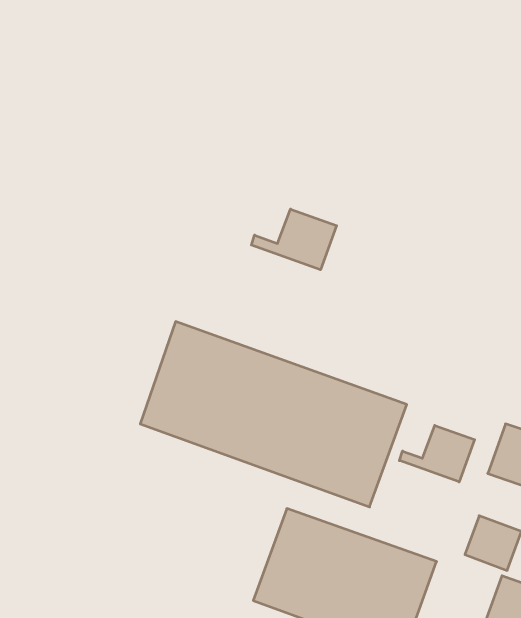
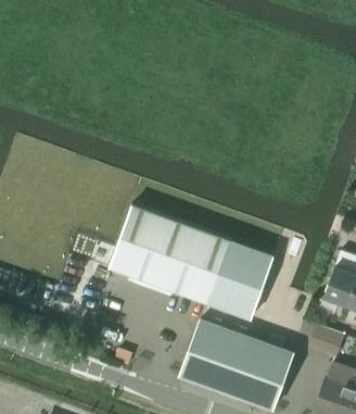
building: [251,209,337,270] -> none
building: [399,425,475,482] -> none

